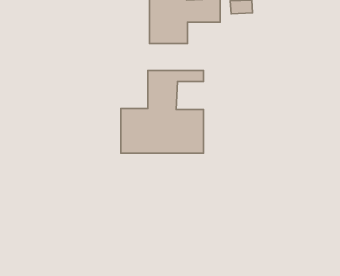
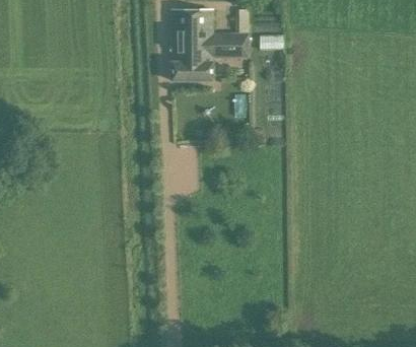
building: [121,71,203,153] -> none

